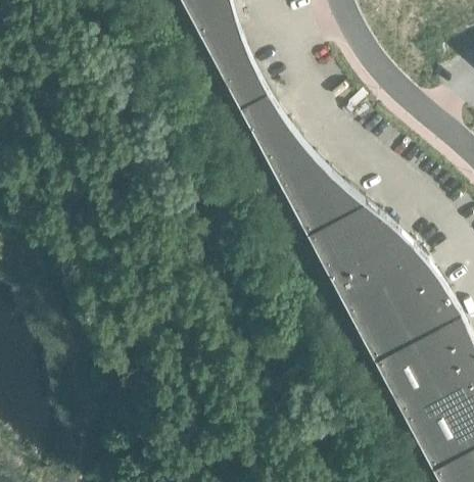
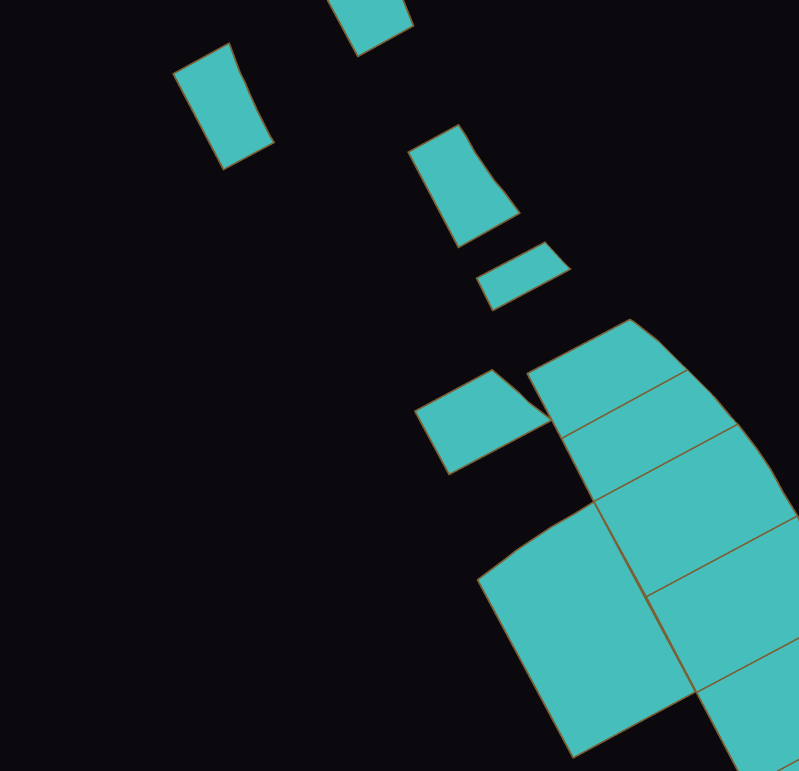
building: [214,42,271,113] -> [173,43,274,169]
building: [271,148,320,185] -> none
building: [290,180,368,239] -> [415,370,552,474]
building: none -> [477,502,695,758]

